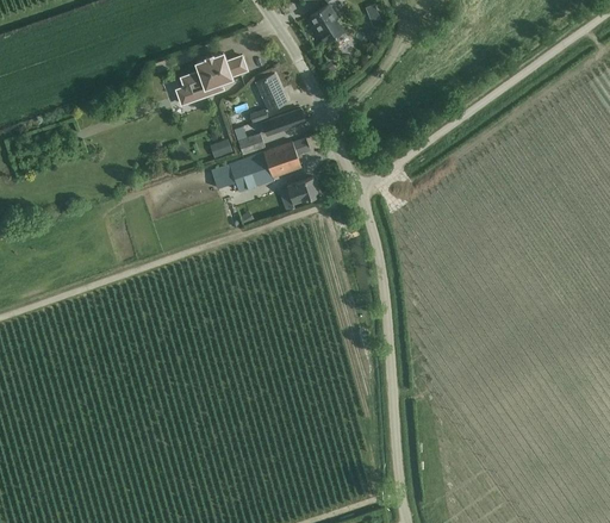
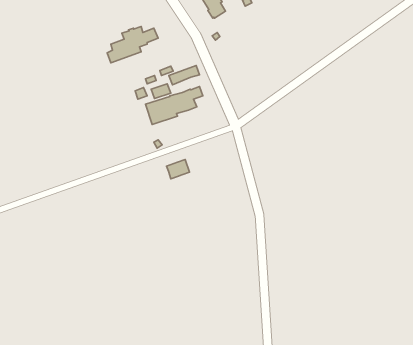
building: [255,74,287,111] -> none
building: [286,178,318,205] -> [167,159,189,179]

